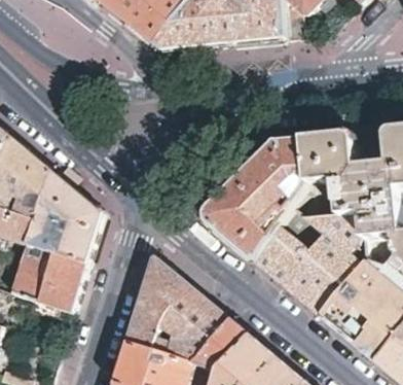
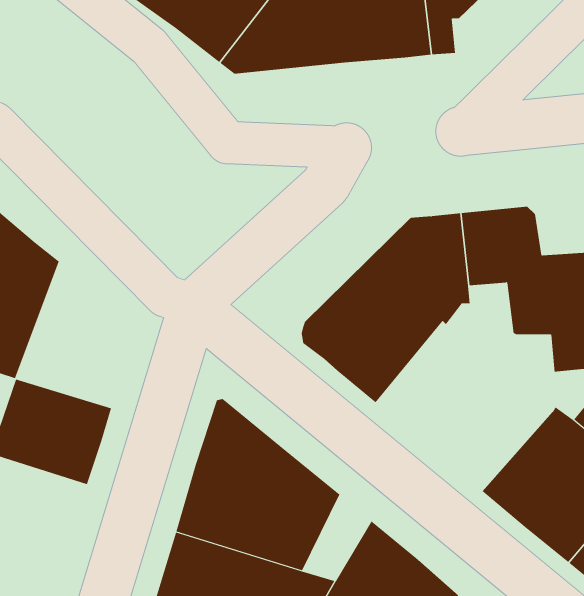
building: [24,167,101,259] -> none
building: [251,205,363,312] -> none
building: [205,314,248,369] -> none

